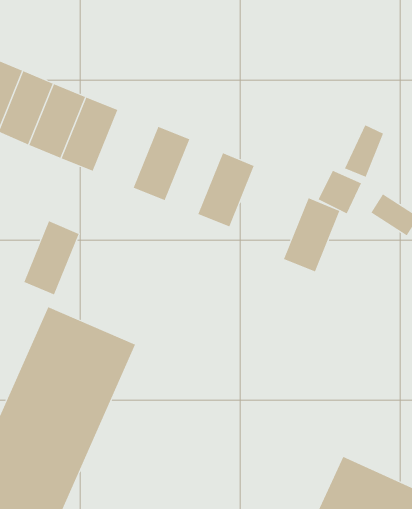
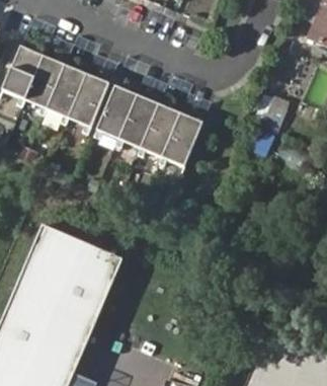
building: [283,197,340,272] -> [142,106,181,158]
building: [24,221,79,295] -> [98,88,137,140]

